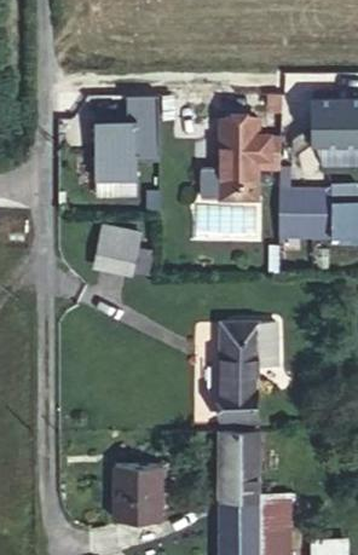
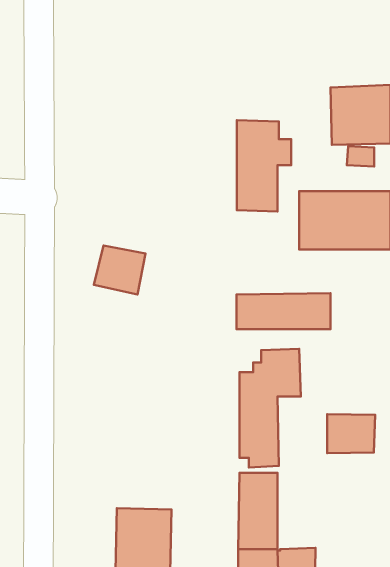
building: [91,93,157,198] -> none
building: none -> [236,293,331,329]
building: none -> [327,414,375,453]

